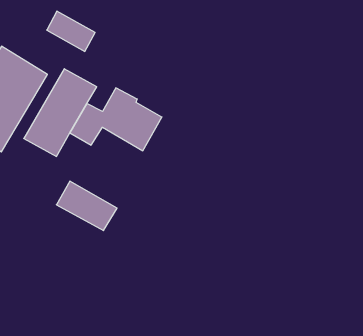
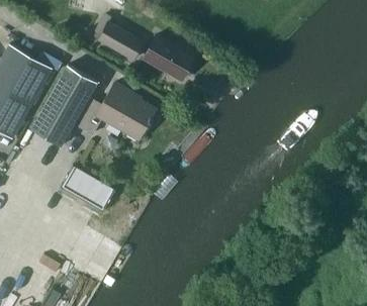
building: [47,11,95,51] -> [98,23,142,60]
building: none -> [143,35,197,79]

